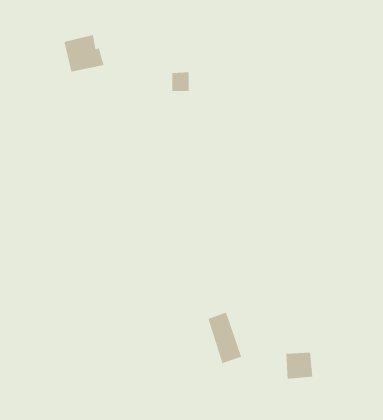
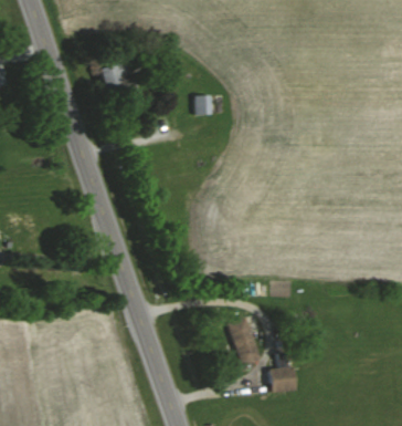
building: [286,352,313,380] -> [269,367,295,393]

